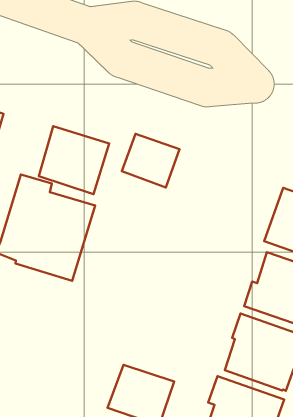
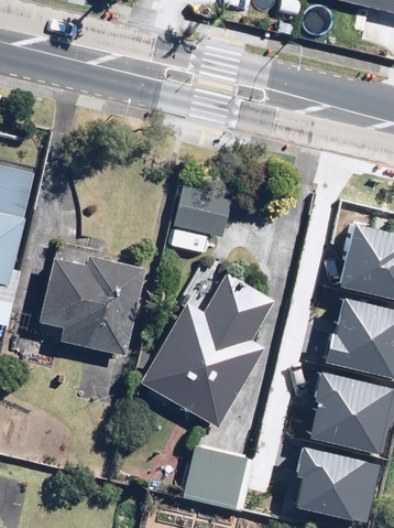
building: [39,126,109,194] -> none
building: none -> [141,258,274,424]

